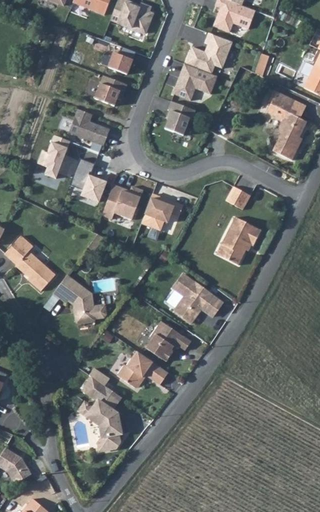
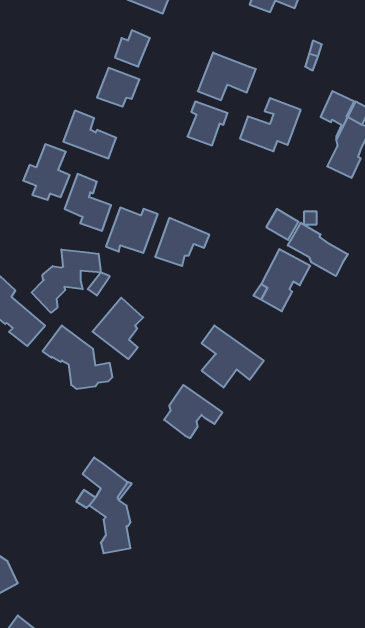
building: [185,34,232,75] -> [240,98,301,151]
building: none -> [288,223,348,276]
building: none -> [32,249,101,313]
building: none -> [92,298,143,359]
building: [117,351,168,388] -> none

